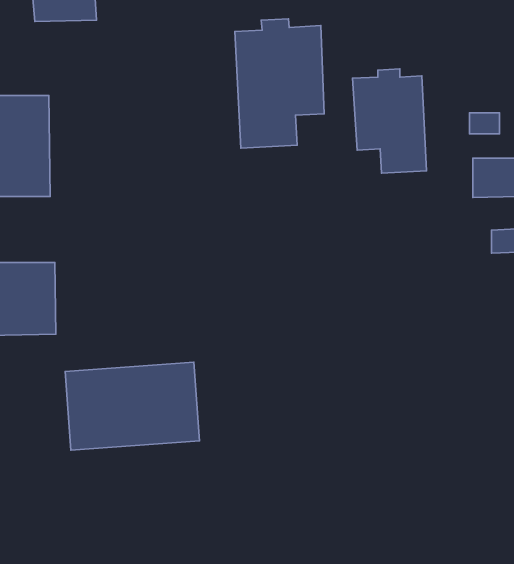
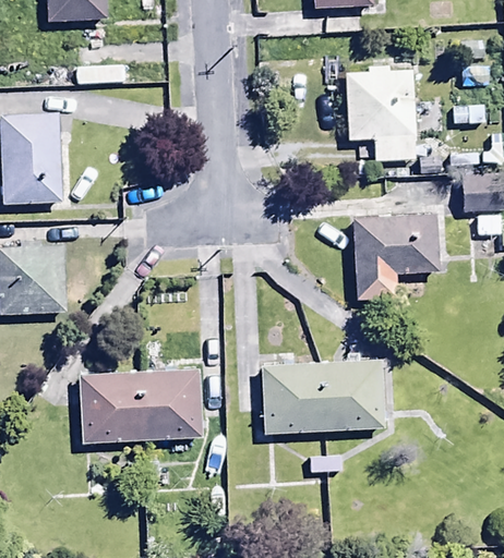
building: [235,19,324,148] -> none
building: none -> [355,221,440,306]
building: none -> [259,347,383,416]

